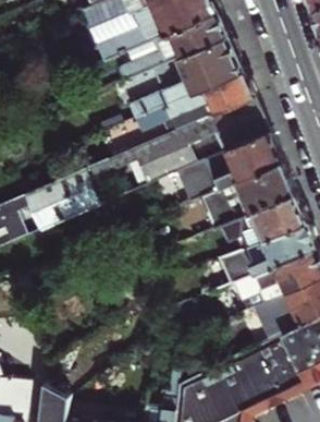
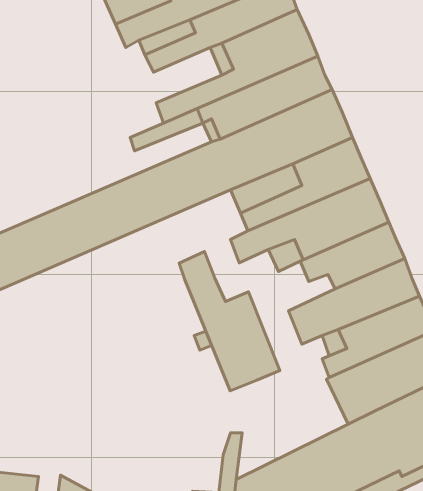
building: none -> [179,251,280,391]

